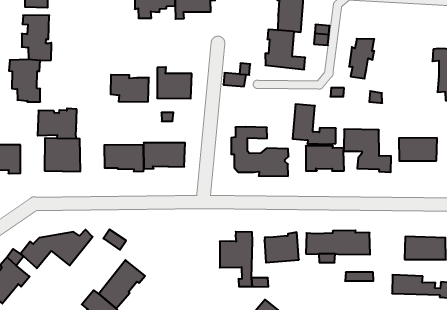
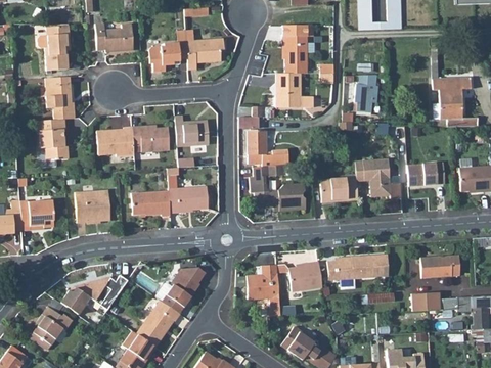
building: [293,104,336,144] -> [248,130,288,166]
building: [38,108,77,139] -> [96,127,134,155]
building: none -> [155,267,206,313]

